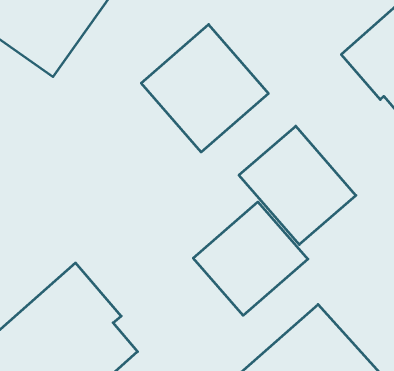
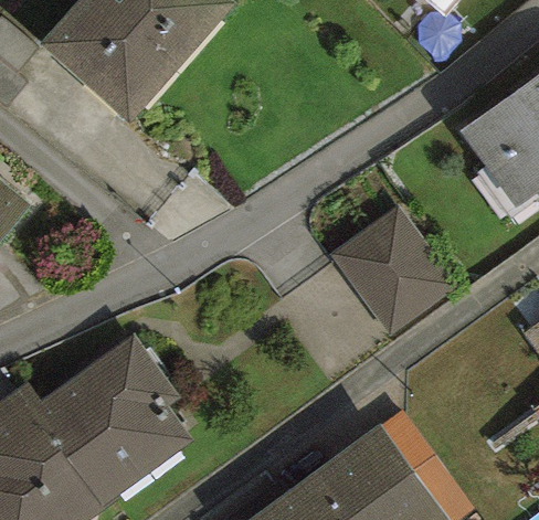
building: [141,24,268,152] -> none
building: [193,202,308,315] -> none

